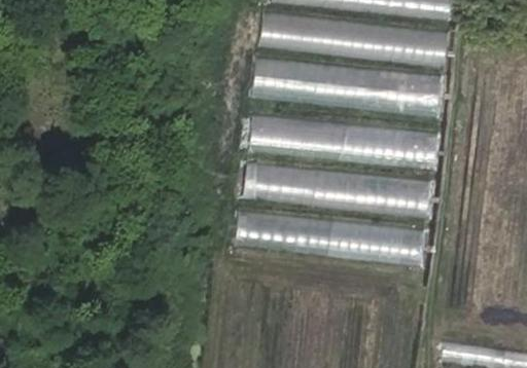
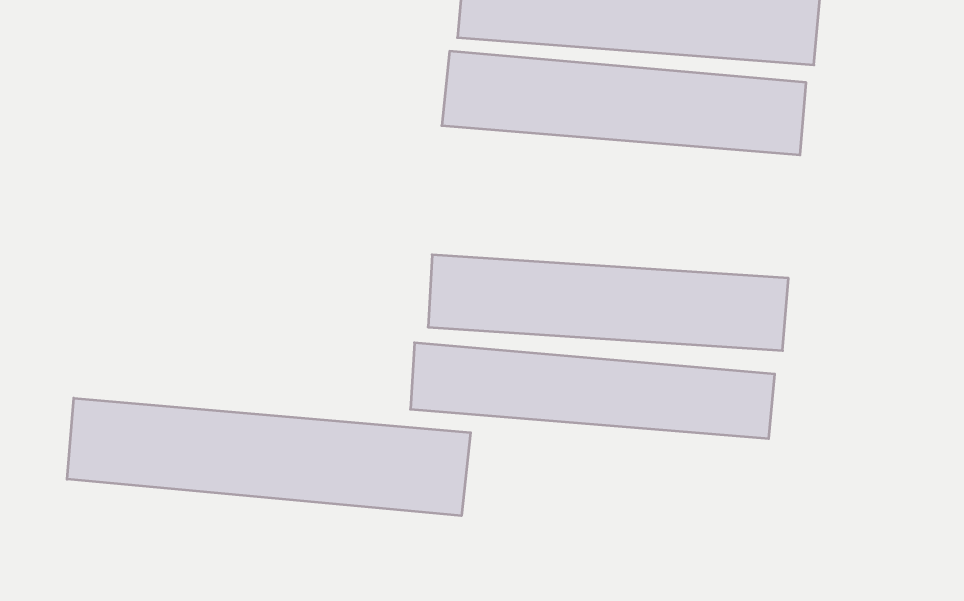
building: [249,113,440,169] -> none
building: none -> [67,398,471,516]

